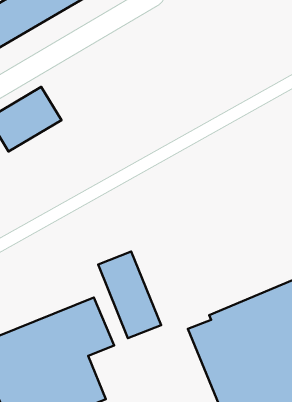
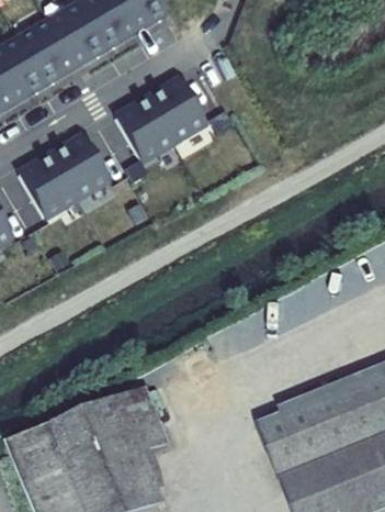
building: none -> [115,77,202,154]
building: [98,252,161,338] -> none

